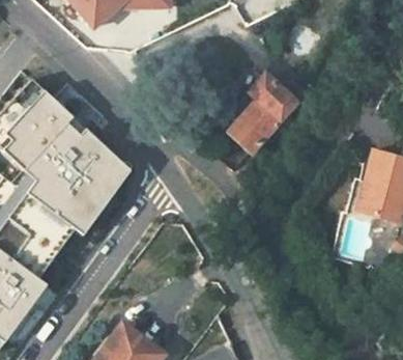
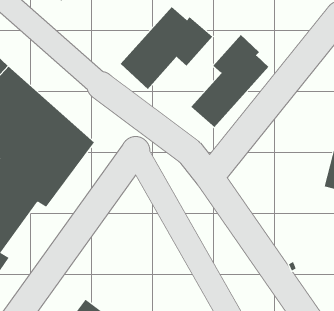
building: none -> [120,6,213,90]

